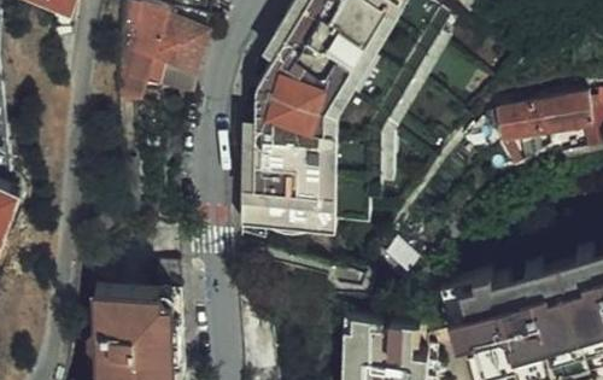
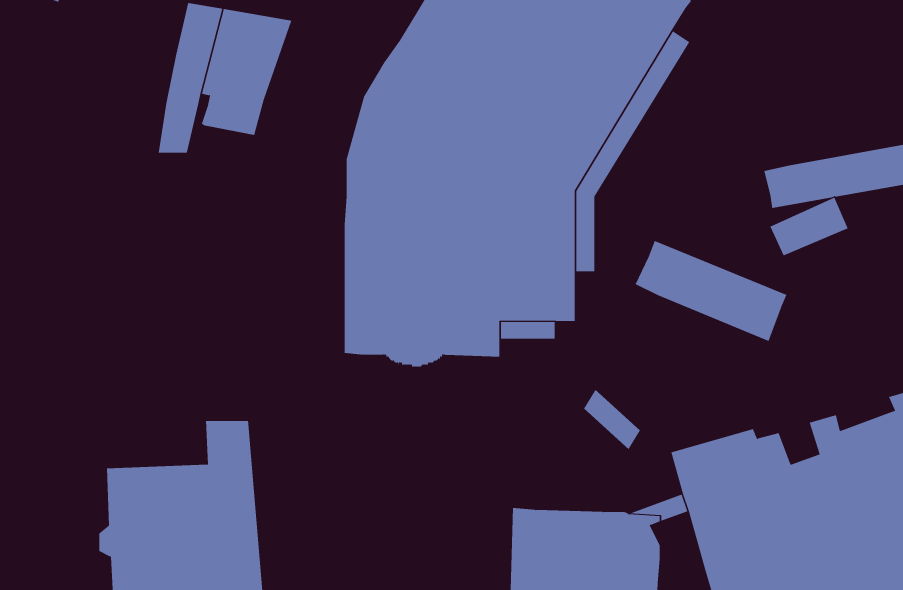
building: none -> [635,240,787,342]

